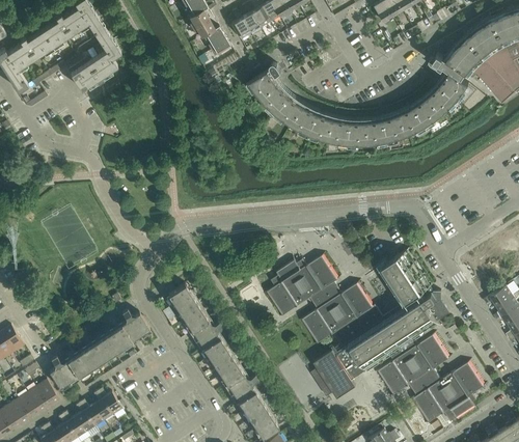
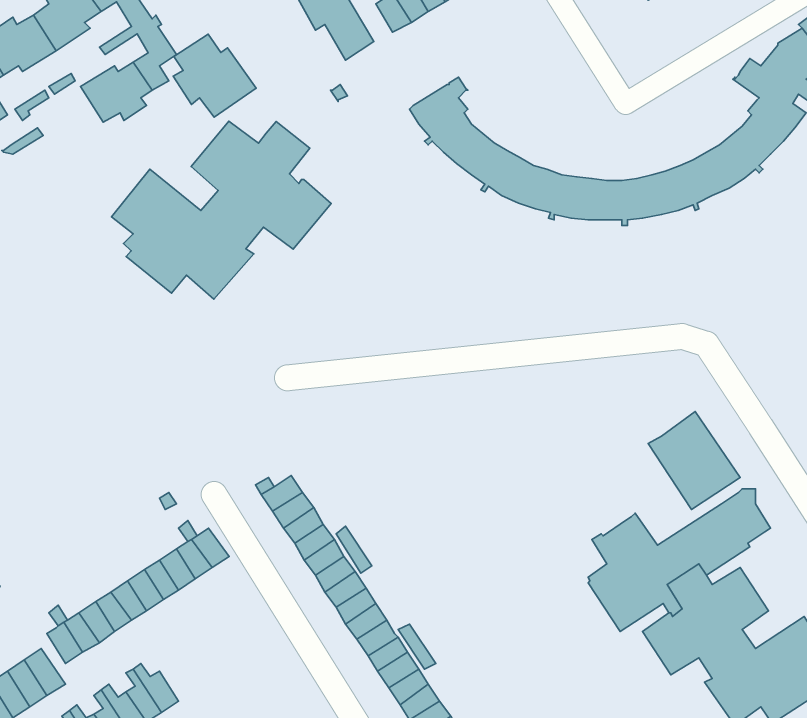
building: none -> [173,34,256,117]
building: none -> [112,121,331,299]
building: [268,255,373,398] -> none

